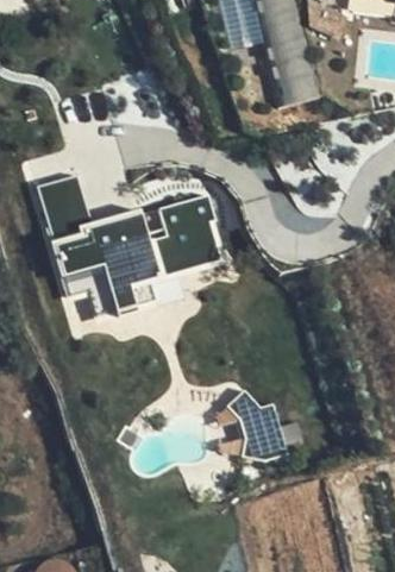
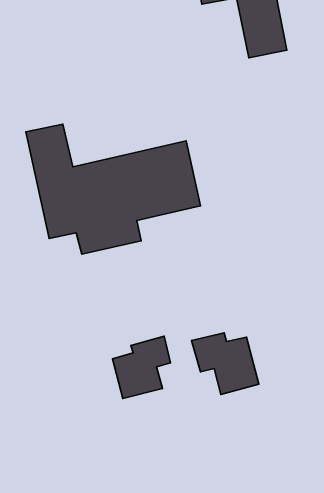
building: none -> [113,336,170,399]

